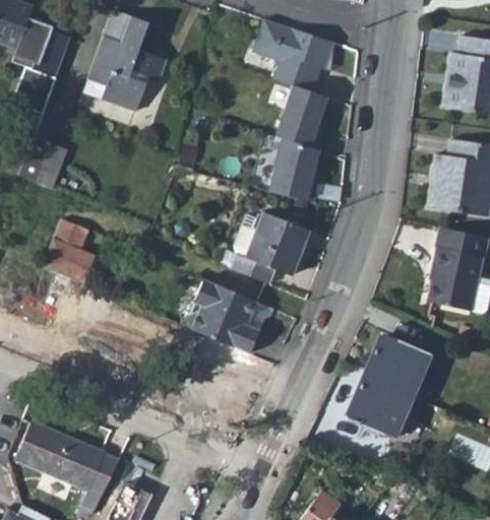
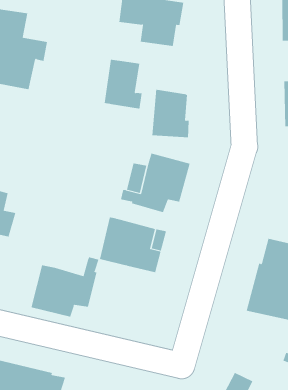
building: [278,85,328,150] -> [104,59,143,109]
building: none -> [31,256,99,318]

